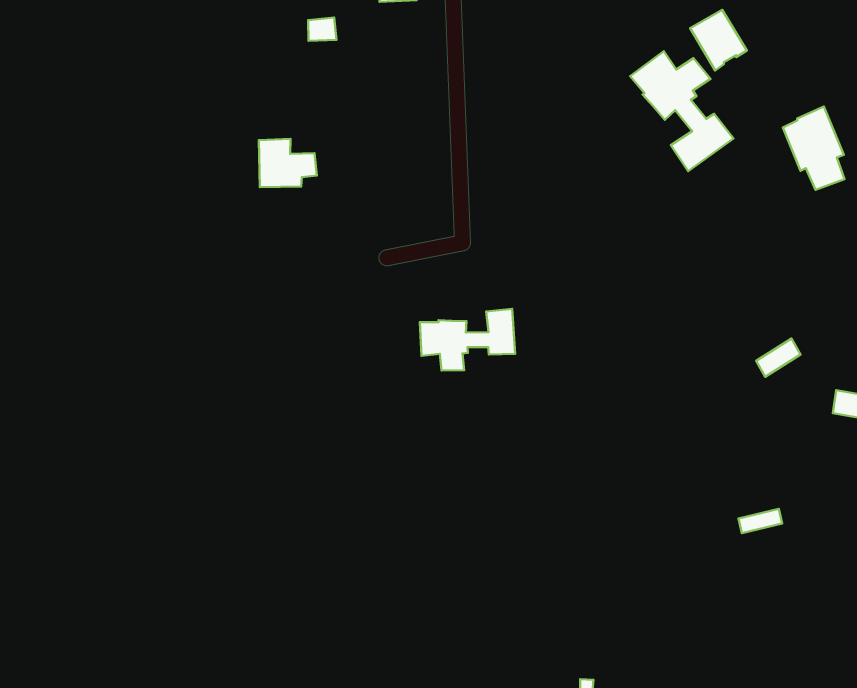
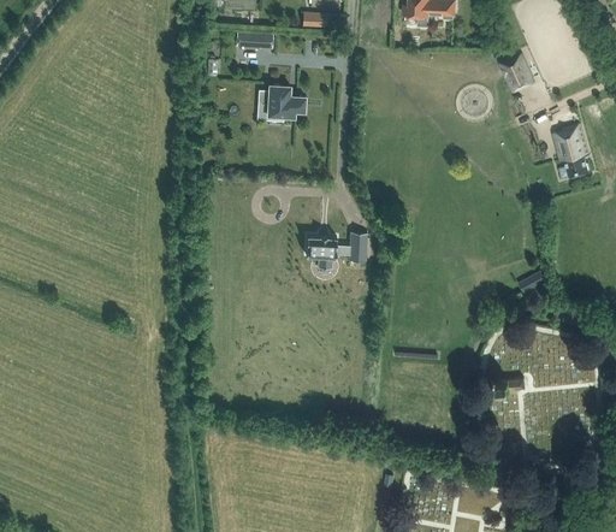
building: [630,51,733,171] -> none
building: [259,139,317,187] -> [267,84,304,117]

